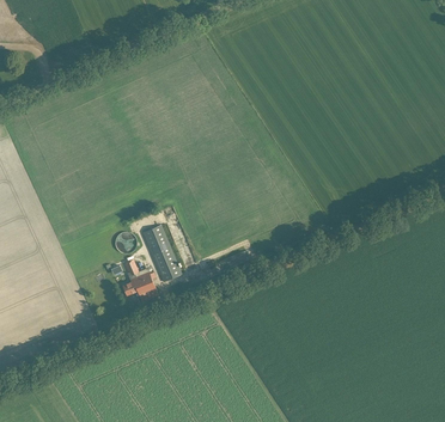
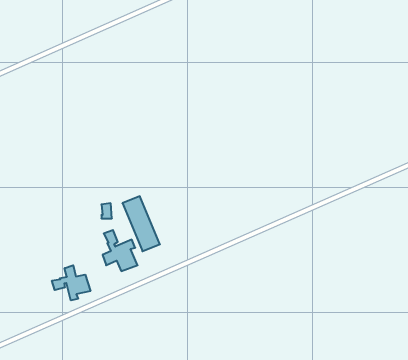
building: none -> [52,265,90,300]

